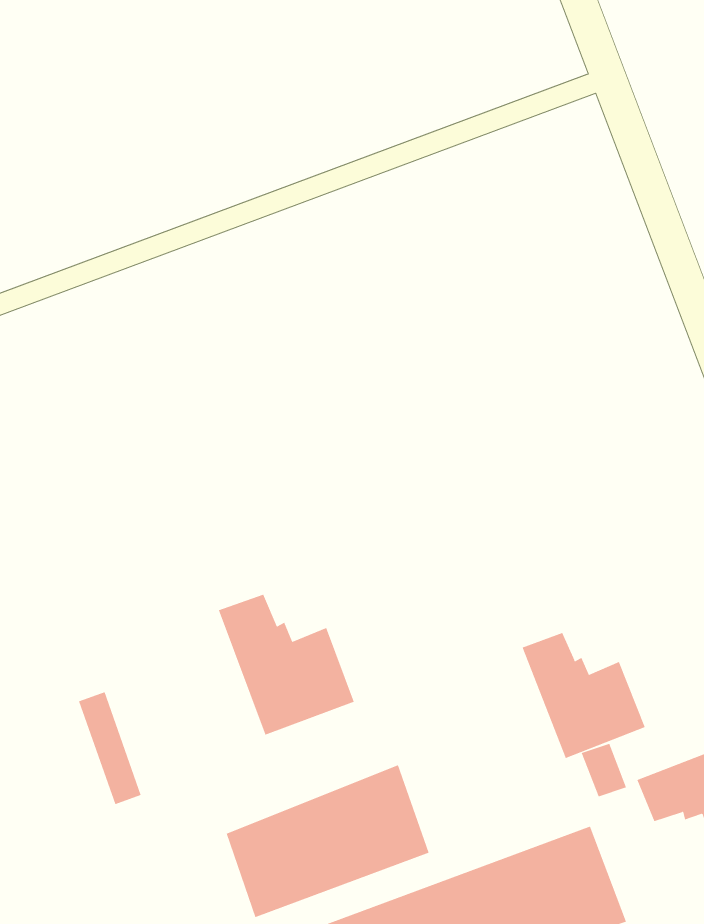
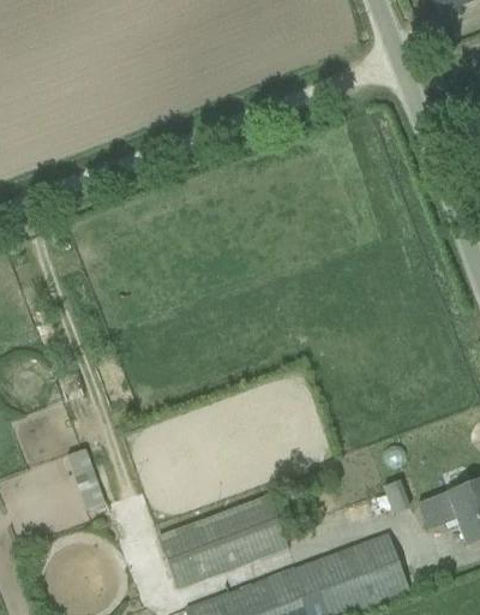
building: [218,594,355,735] -> none
building: [522,632,646,759] -> none

